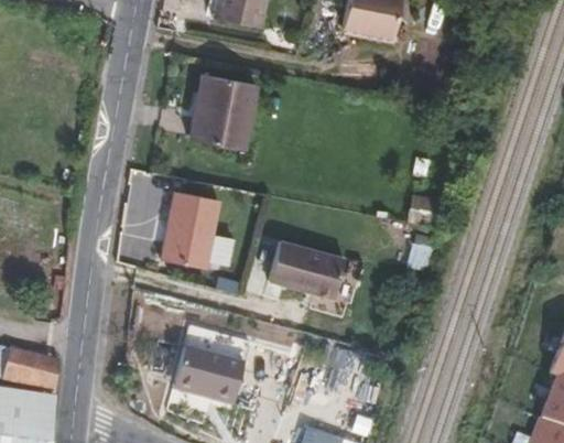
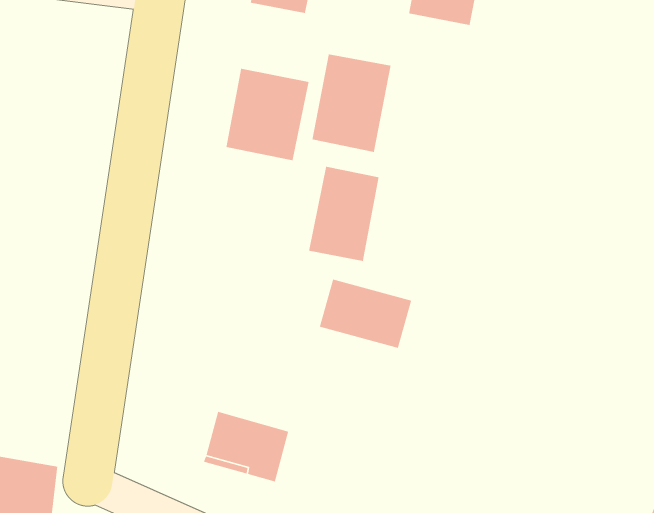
building: none -> [312,53,392,153]
building: [160,188,218,267] -> [308,166,380,262]
building: [14,349,59,391] -> none

